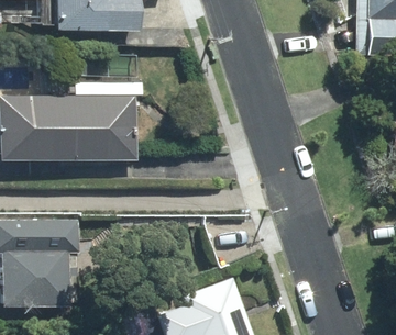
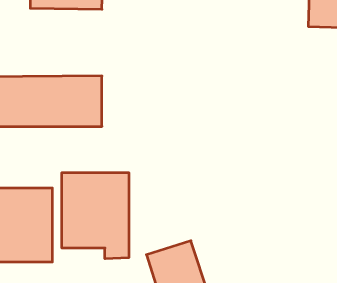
building: none -> [62,173,129,259]

